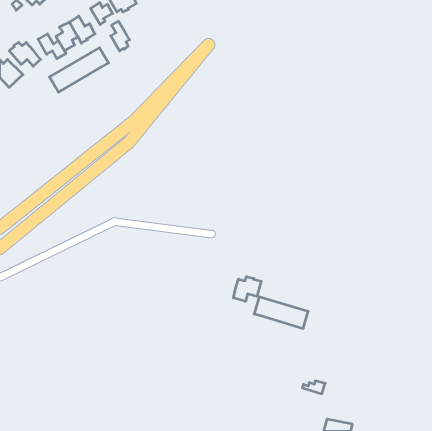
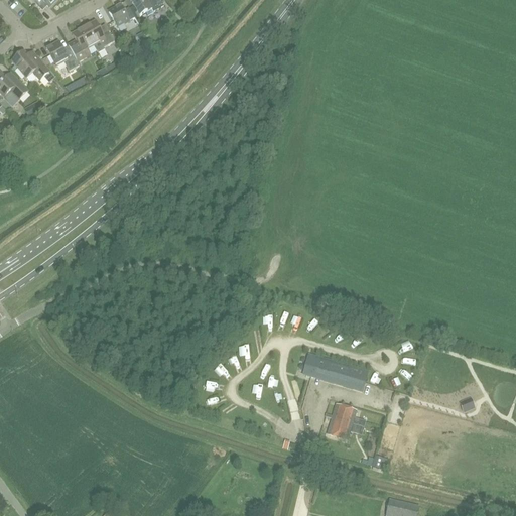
building: [111,21,130,51] -> none
building: [49,48,109,92] -> none
building: [233,277,261,301] -> none
building: none -> [328,404,355,437]

